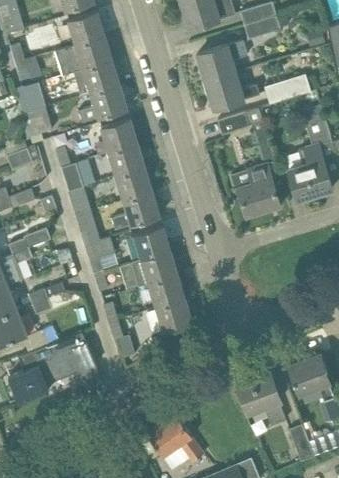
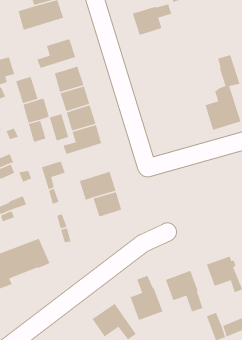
building: [61,60,119,98] -> none
building: [205,73,259,109] -> none
building: [263,76,310,105] -> none
building: [217,108,279,216] -> none
building: [74,210,99,245] -> [49,113,69,141]
building: [132,226,169,259] -> none
building: [155,299,192,333] -> none
building: none -> [129,275,164,321]

